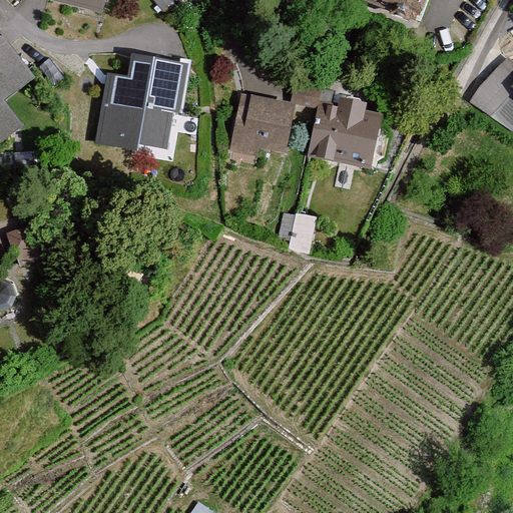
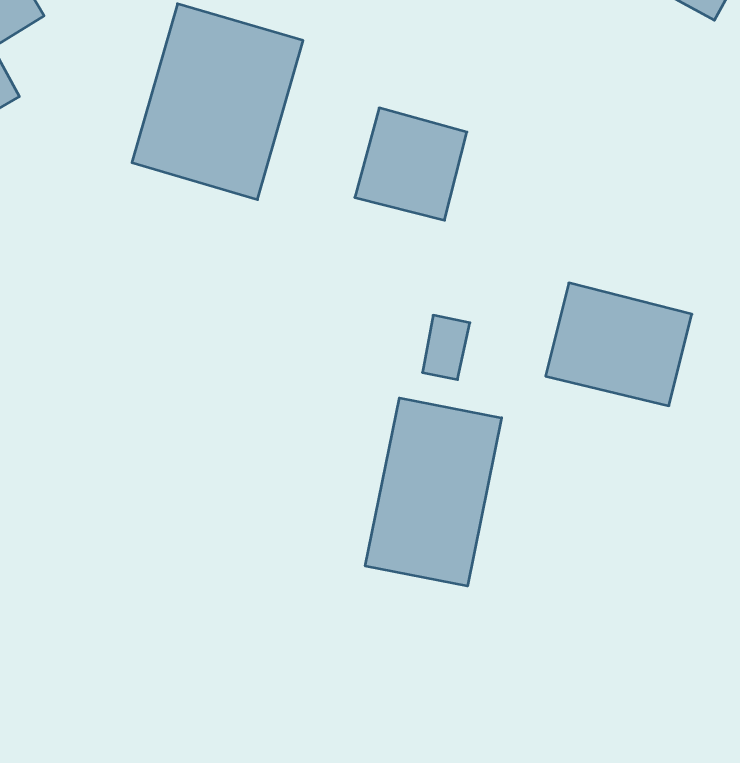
building: [307,102,386,164] -> [546,283,692,406]
building: none -> [365,398,502,586]

